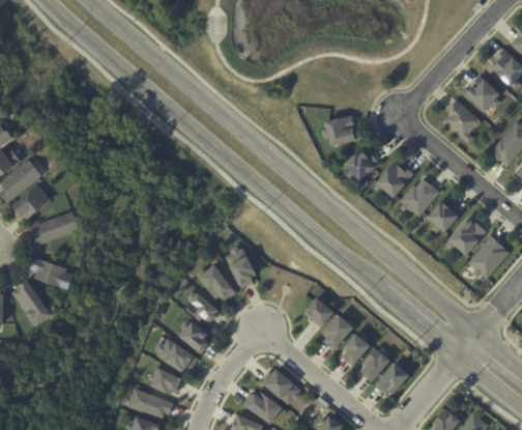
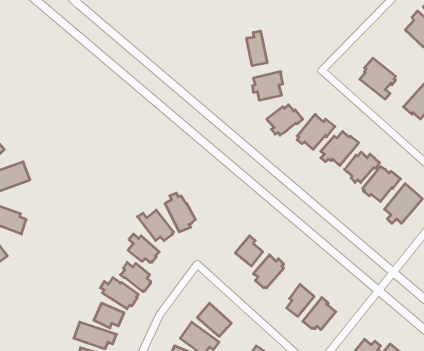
building: none -> [247,31,267,66]
building: [462,75,500,111] -> none
building: [342,331,372,366] -> none

